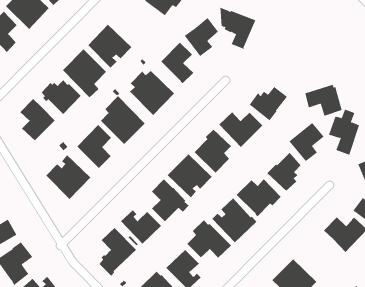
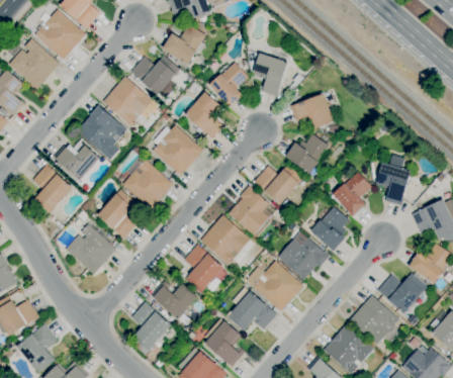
building: none -> [131,56,180,95]
building: [304,84,343,116] -> [290,94,334,130]
building: none -> [350,295,401,345]

